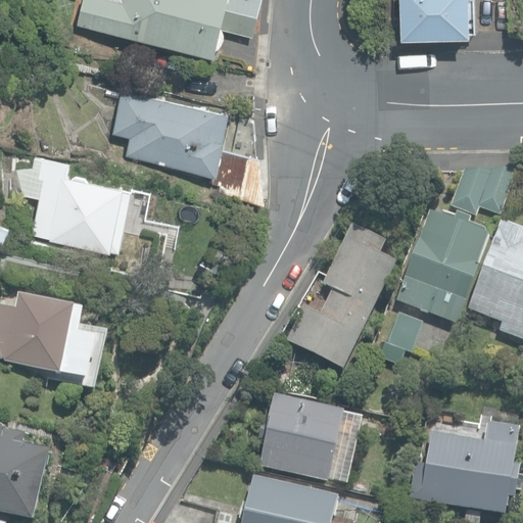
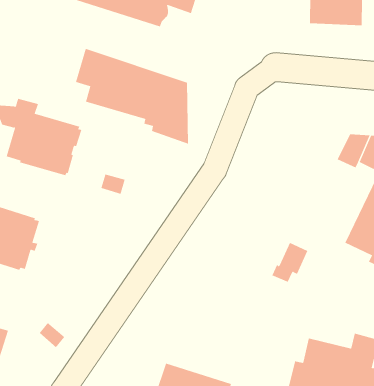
building: [396,211,487,323] -> none
building: [286,225,396,369] -> none
building: [257,393,343,481] -> none

